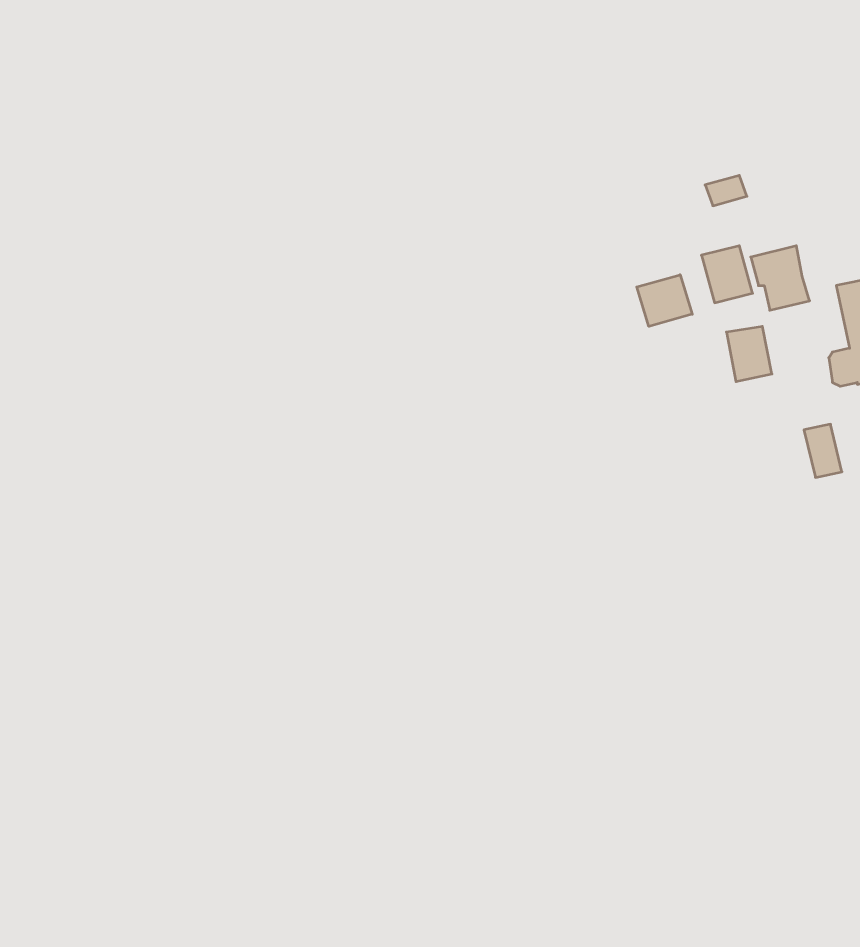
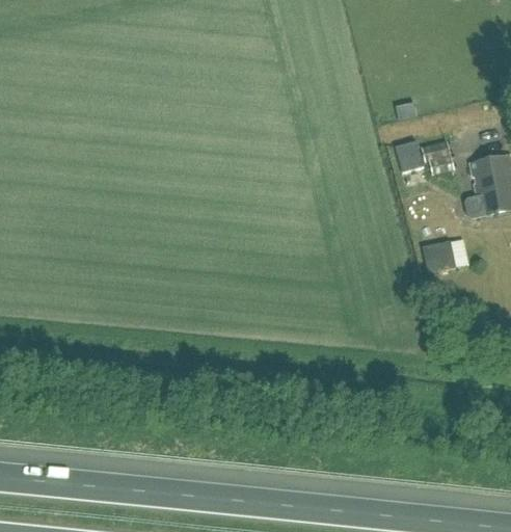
building: [637,275,692,326] -> none
building: [726,326,772,382] -> [423,242,448,272]

